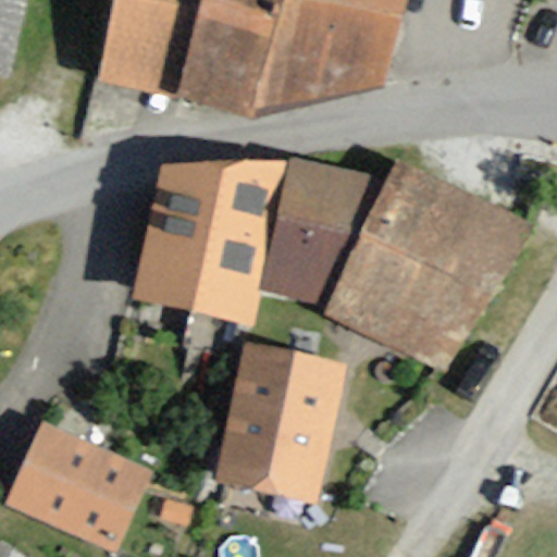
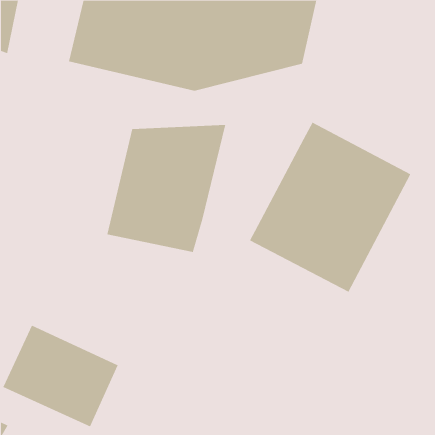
building: [260,160,387,296] -> none
building: [212,342,342,502] -> none

